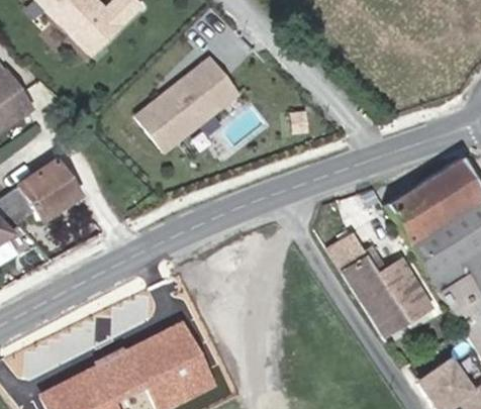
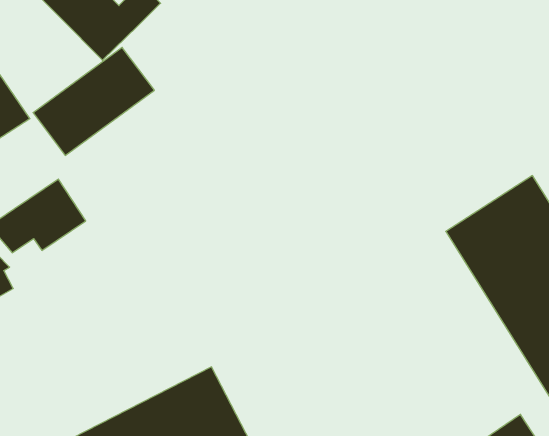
building: [137,60,240,151] -> [33,47,154,155]
building: [326,230,431,334] -> none

